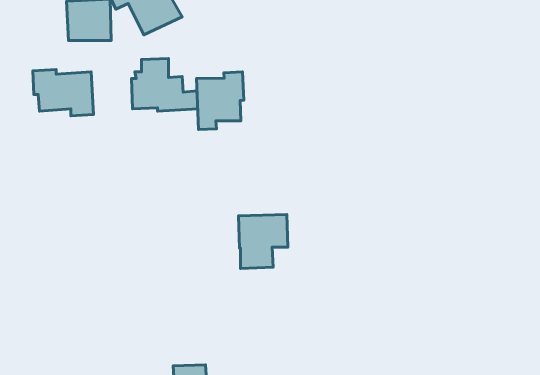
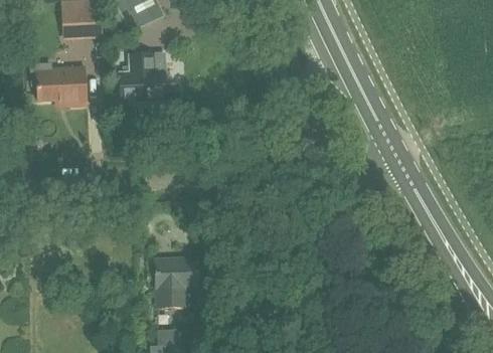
building: [197,72,244,130] -> none
building: [238,215,288,268] -> [155,256,199,305]

